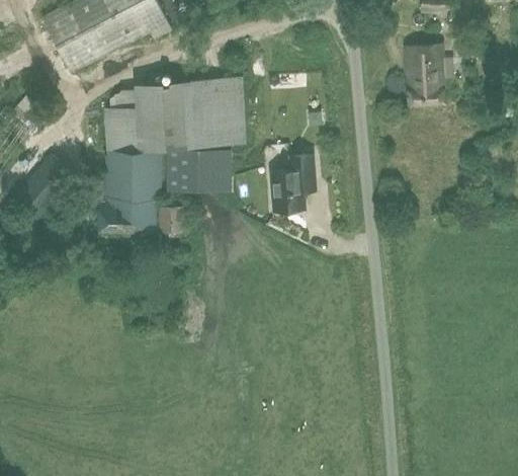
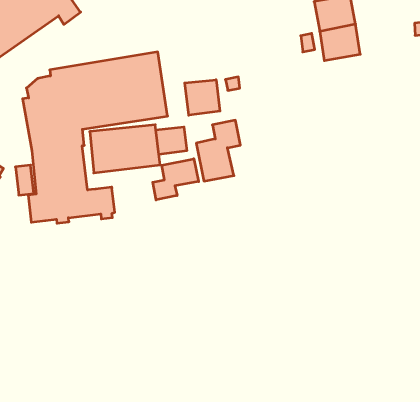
building: none -> [185,80,220,115]
building: none -> [156,127,187,154]
building: none -> [153,159,199,200]

